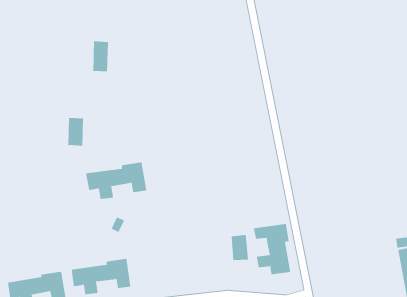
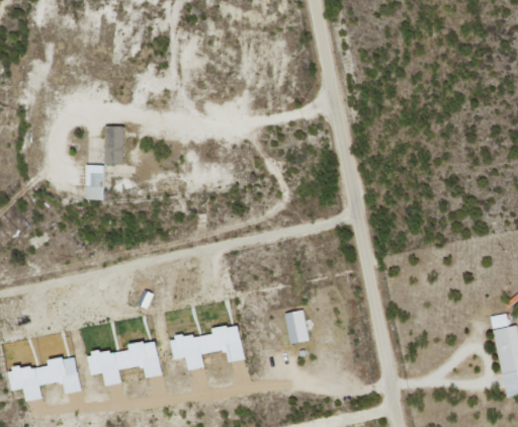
building: [92,41,109,72] -> [104,127,124,166]
building: [85,162,147,199] -> [170,324,247,370]
building: [253,223,291,275] -> none

